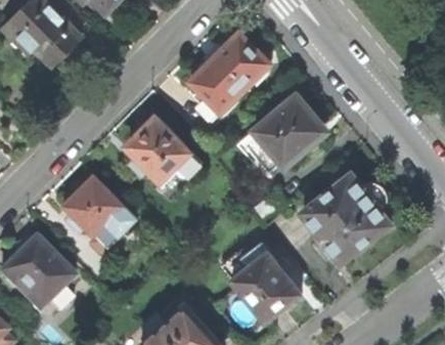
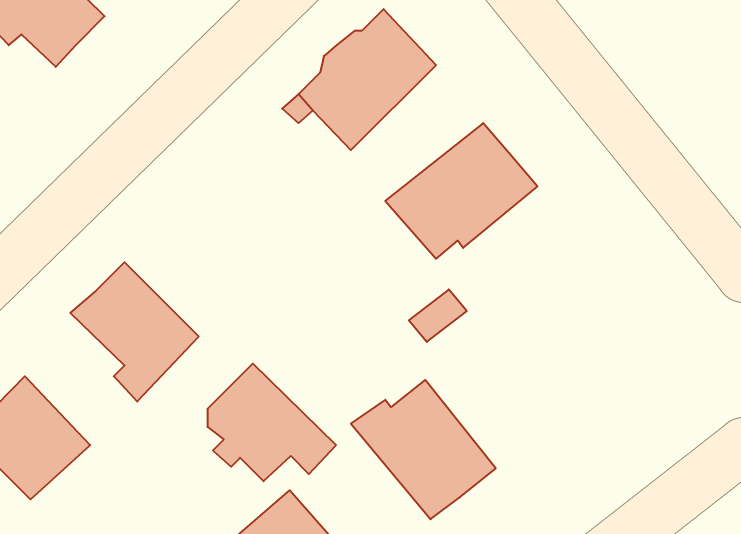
building: [128,115,201,181] -> [207,364,336,481]
building: [302,172,390,261] -> none

